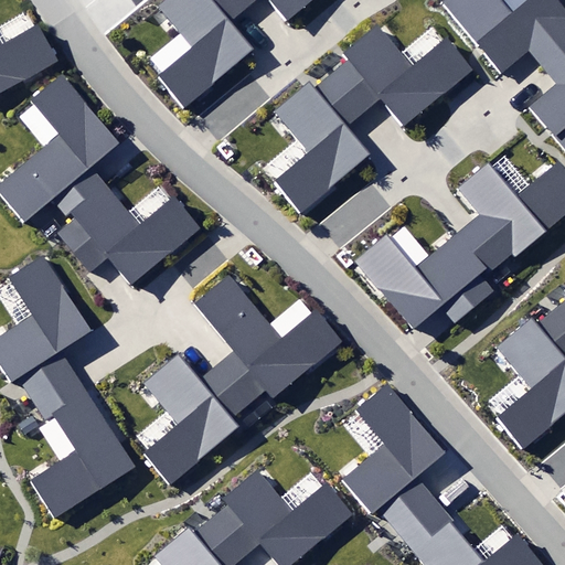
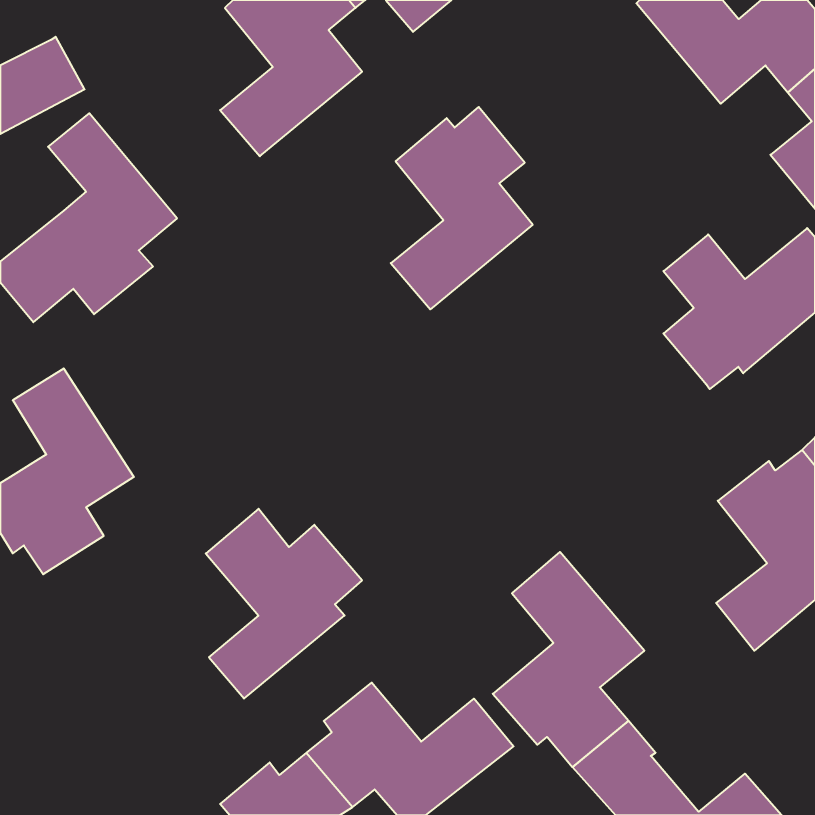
building: [331,25,473,128] -> none
building: [57,184,196,281] -> none
building: [358,231,495,330] -> none
building: [190,270,343,402] -> none
building: [30,371,134,518] -> none

